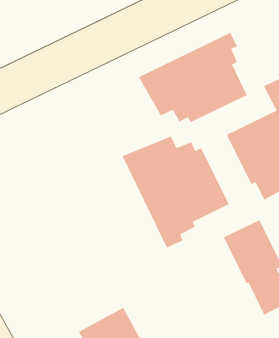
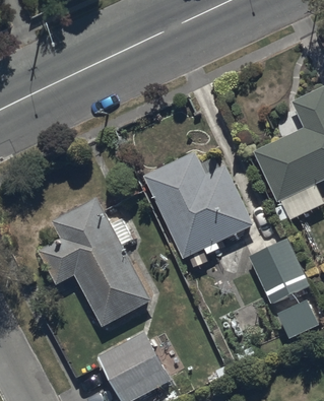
building: [138,32,248,123] -> none
building: none -> [42,195,153,326]

